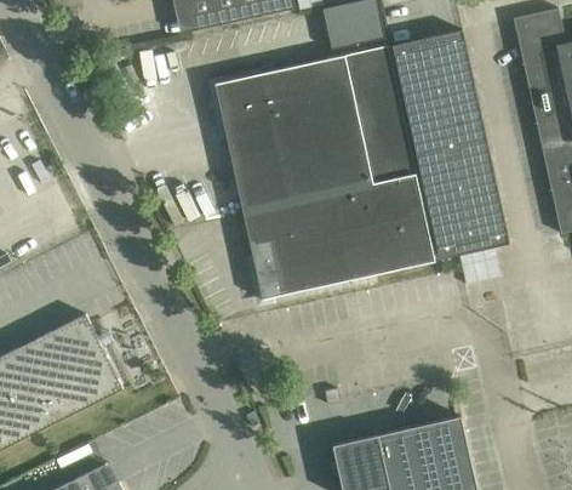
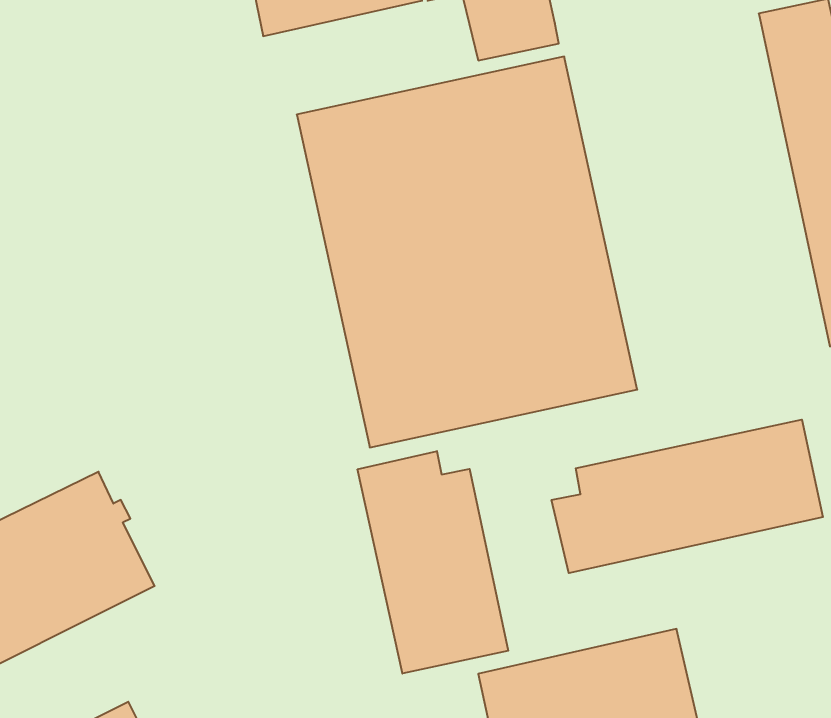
building: [390,29,509,260] -> none
building: none -> [552,420,823,573]
building: none -> [358,451,508,674]

